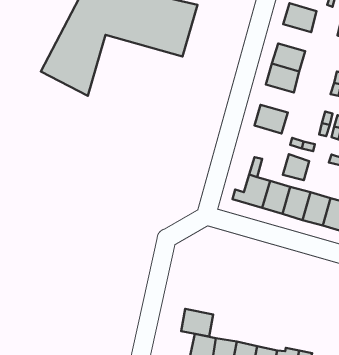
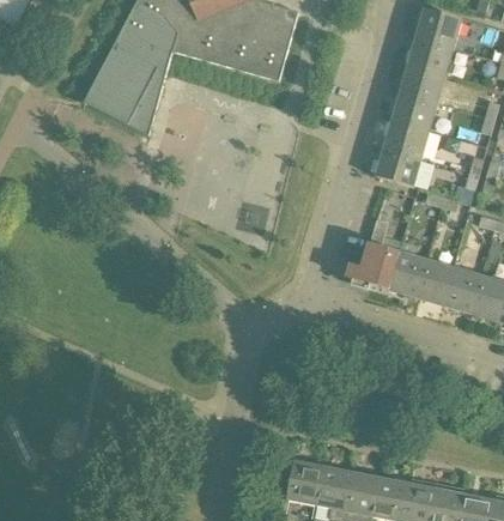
building: none -> [408,36,454,73]
building: none -> [384,119,430,157]
building: [283,154,309,180] -> none
building: [181,309,213,336] -> none

